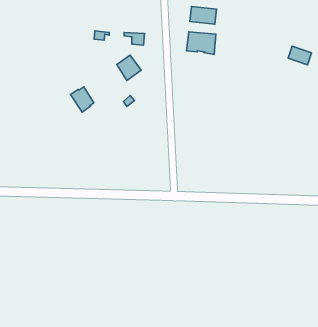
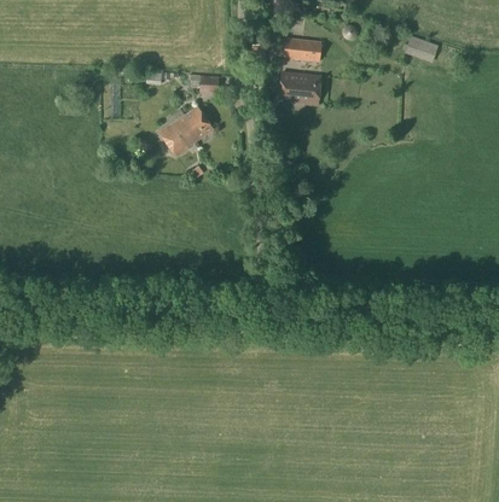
building: [288,46,312,65] -> [404,35,437,62]
building: [70,87,94,112] -> [158,119,192,156]

